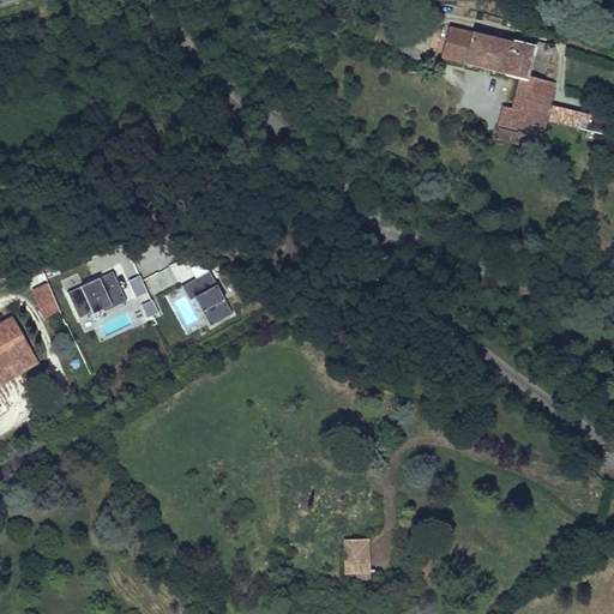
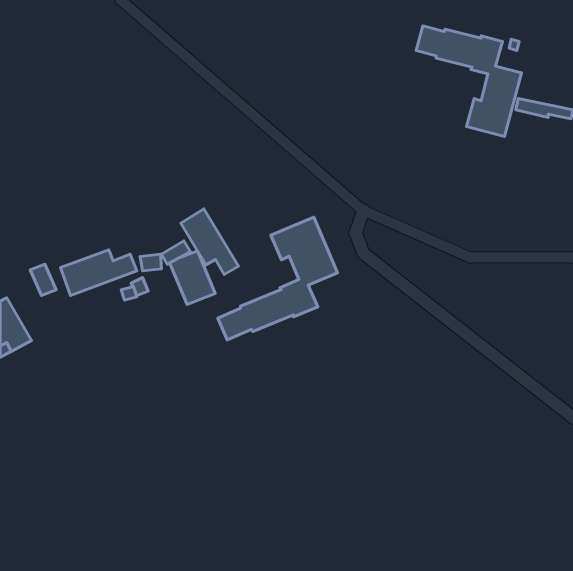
building: none -> [181,209,238,274]
building: none -> [218,217,338,340]
building: [344,538,372,571] -> none

